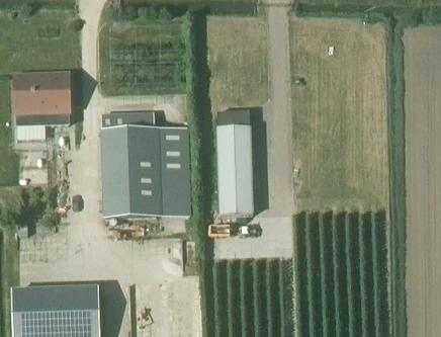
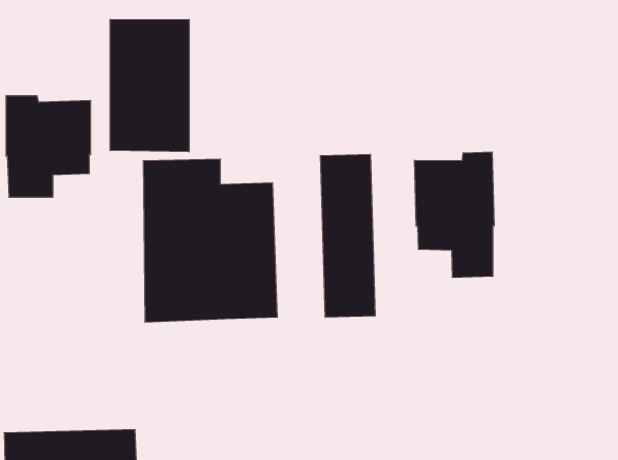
building: none -> [110,19,189,152]
building: none -> [414,152,494,278]

